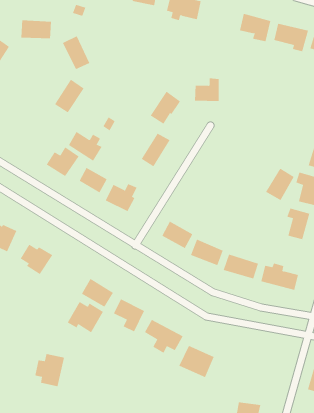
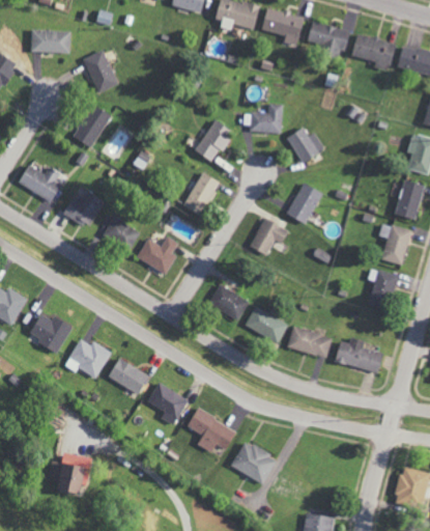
building: none -> [262,9,303,45]
building: none -> [286,127,324,163]
building: [68,131,102,162] -> [18,164,61,202]
building: [265,168,295,201] -> [285,183,322,224]
building: none -> [250,218,288,255]
building: [67,301,104,333] -> [64,338,111,379]

